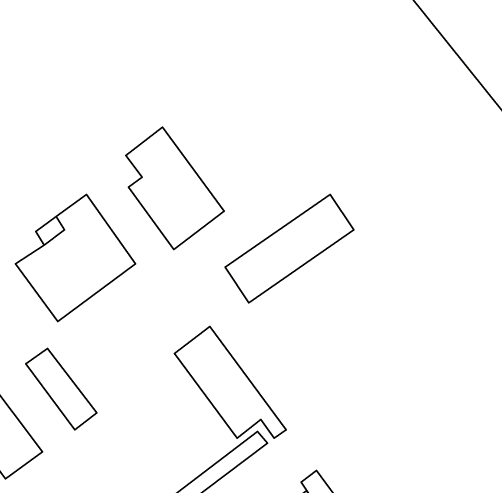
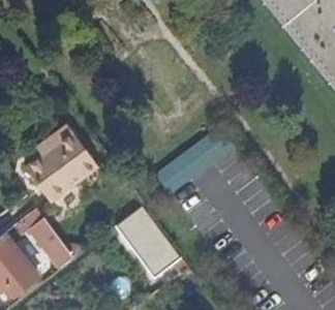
building: [126,127,224,250] -> none

